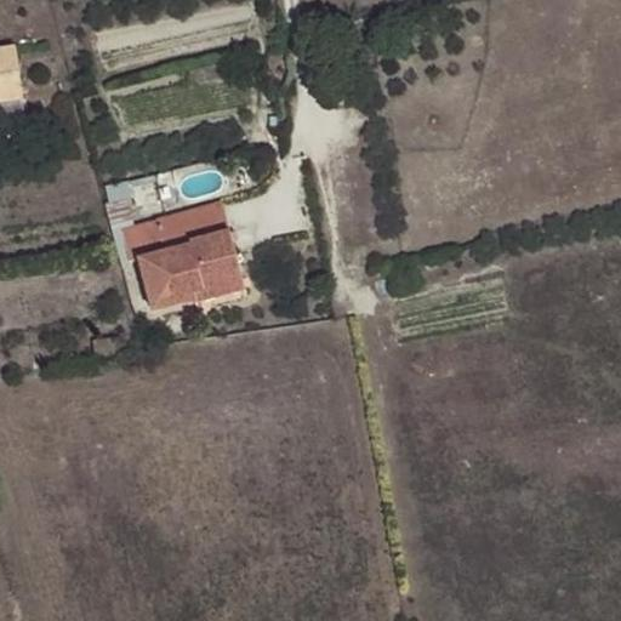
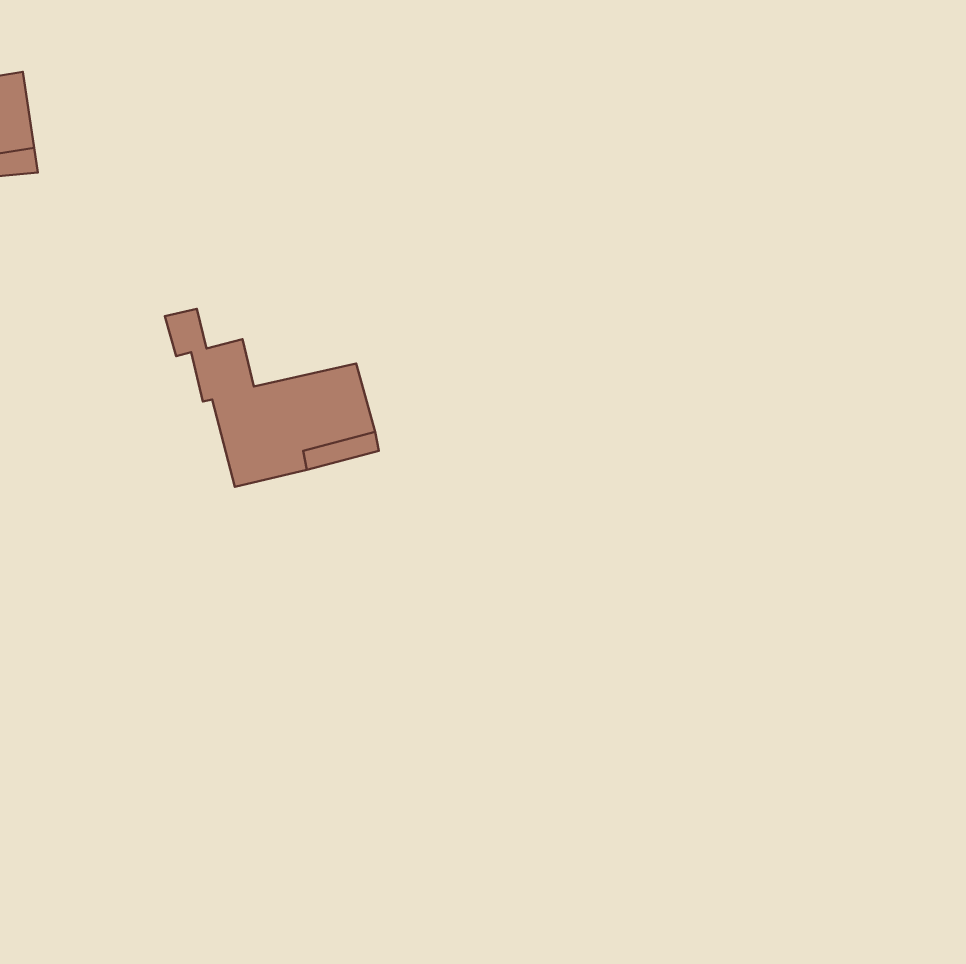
building: [155,201,228,247] -> none

